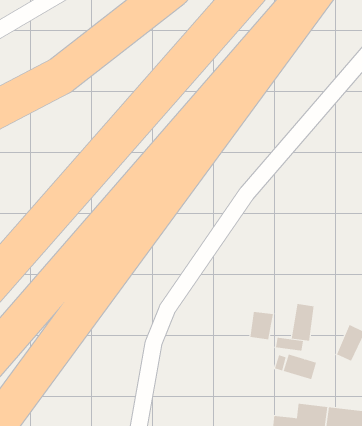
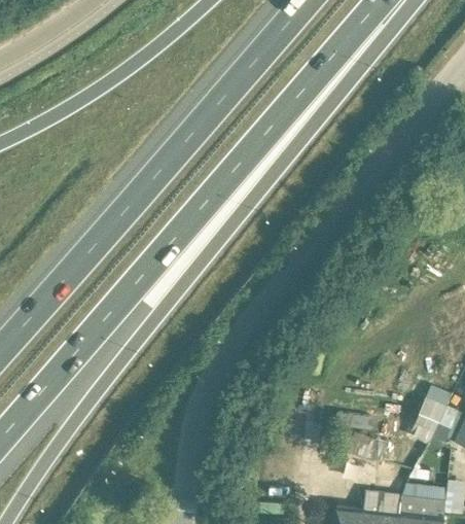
building: [291,303,314,341] -> none
building: [250,311,273,340] -> none

